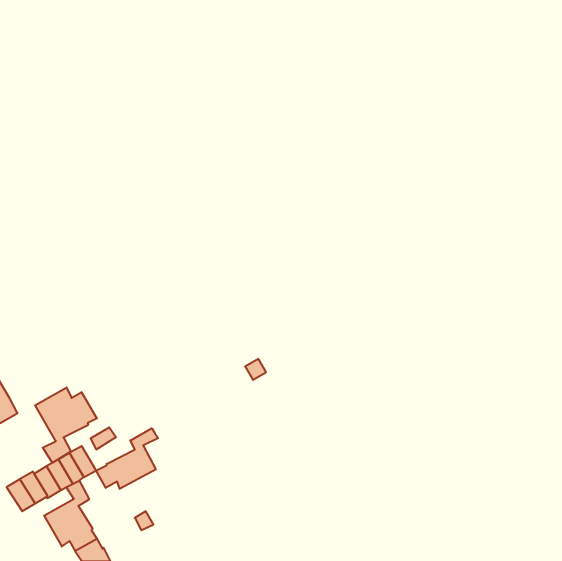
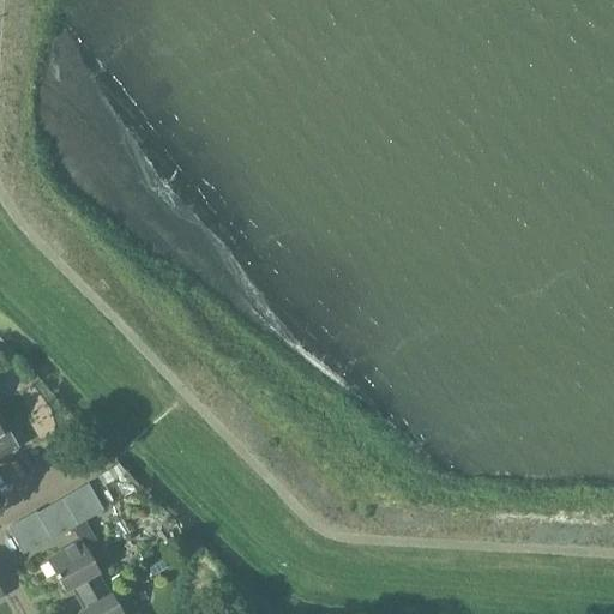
building: [35,387,97,463] -> none
building: [96,428,158,489] -> none

